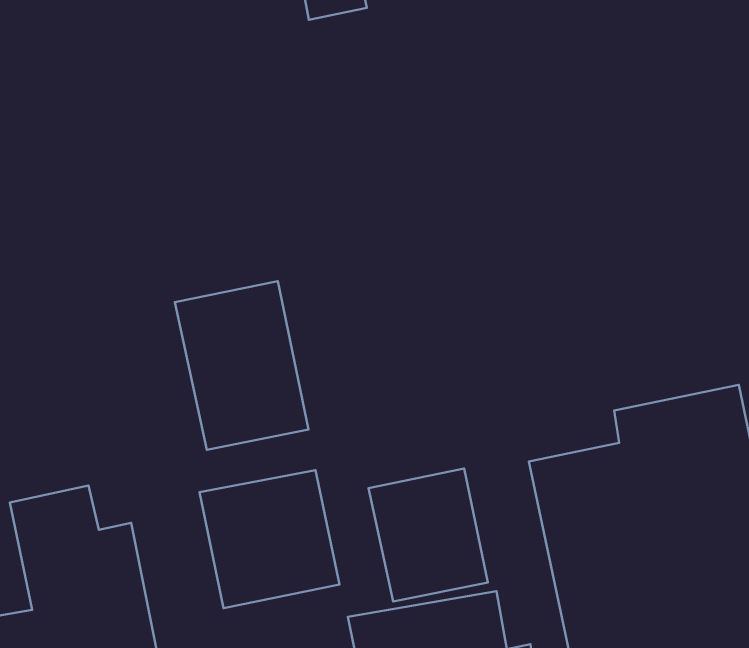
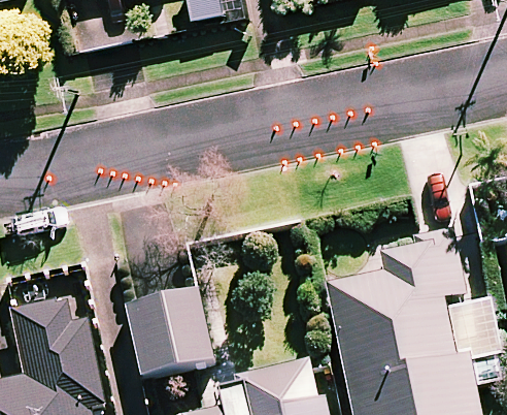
building: [175,281,309,450] -> none
building: [368,468,488,602] -> none

